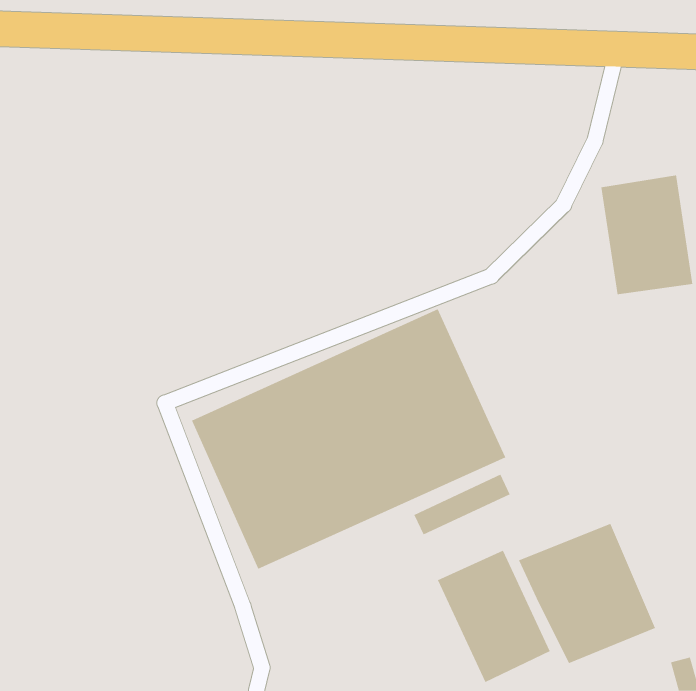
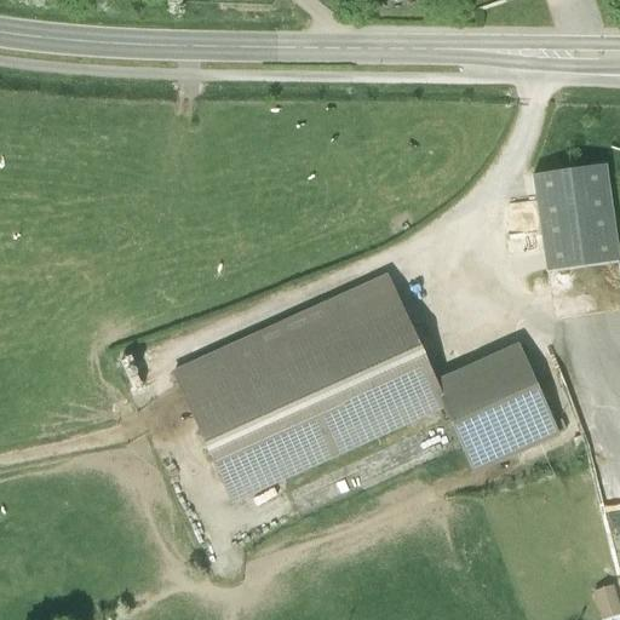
building: [518,523,656,664] -> [435,339,557,464]
building: [437,550,551,683] -> none

